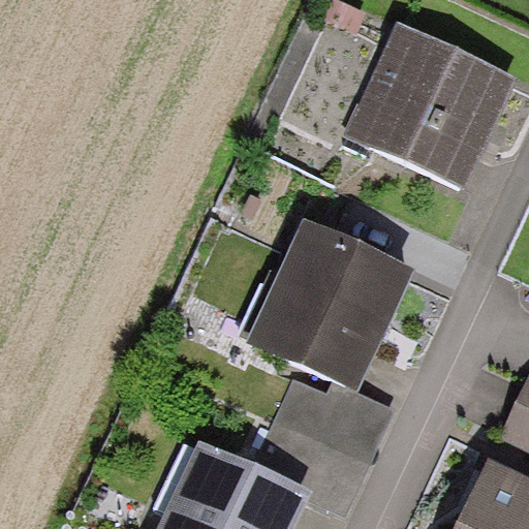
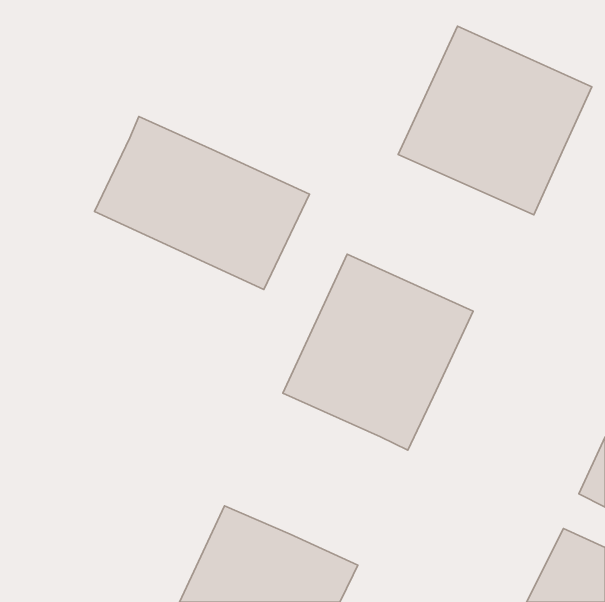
building: none -> [94,116,309,290]
building: [252,376,394,518] -> none

